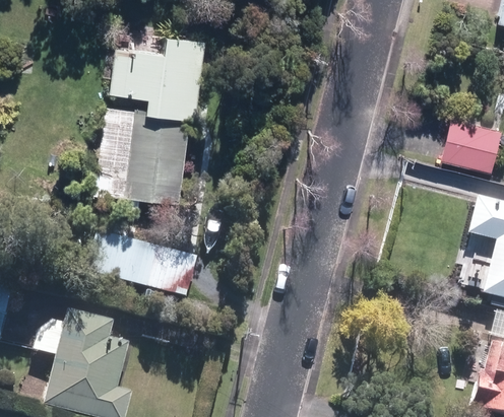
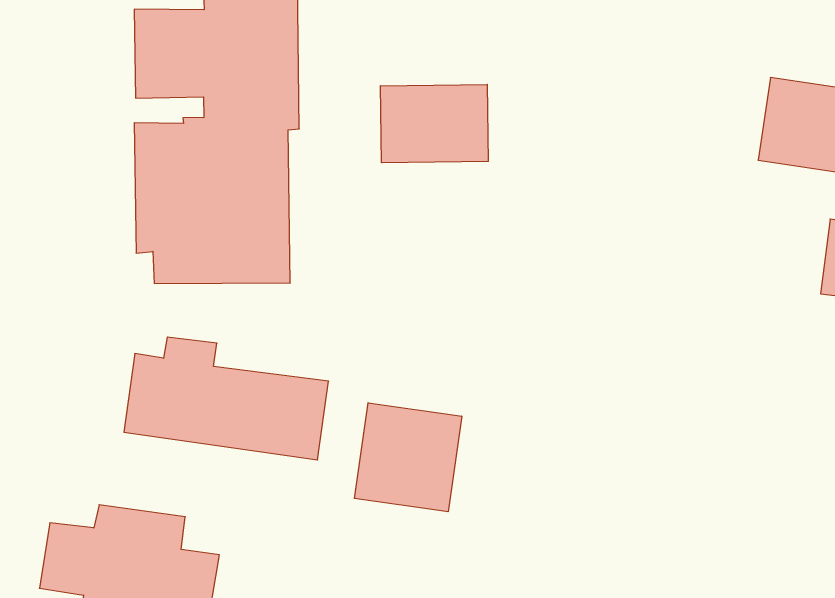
building: none -> [380,84,488,163]
building: none -> [354,403,462,512]

